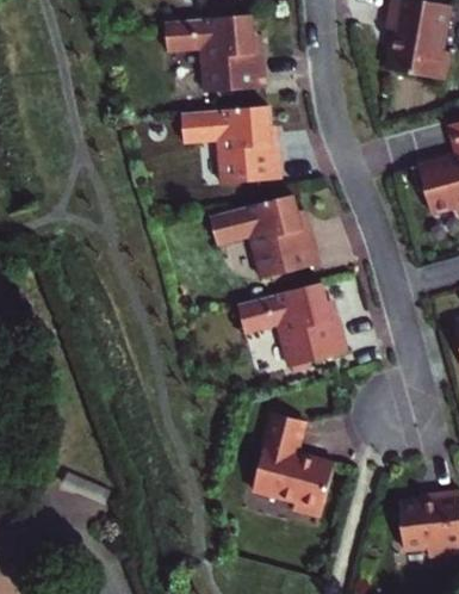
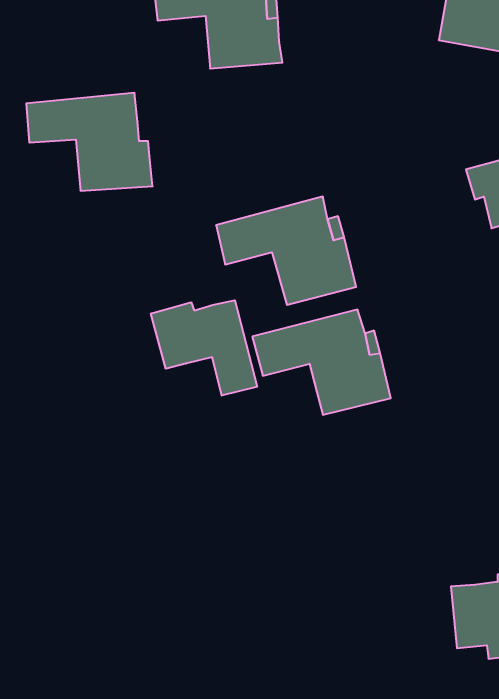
building: [181,105,281,182] -> [26,93,153,191]
building: none -> [151,300,257,396]
building: [258,415,337,521] -> none

